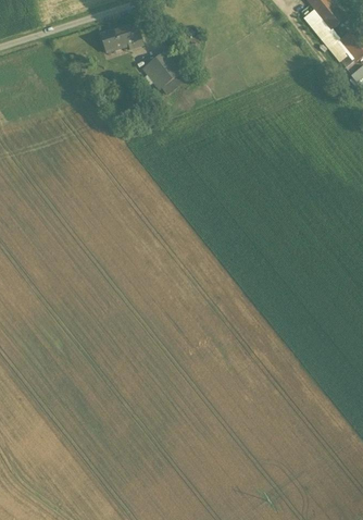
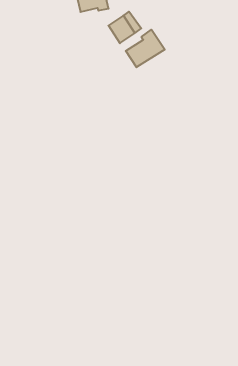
building: none -> [126,30,165,67]

